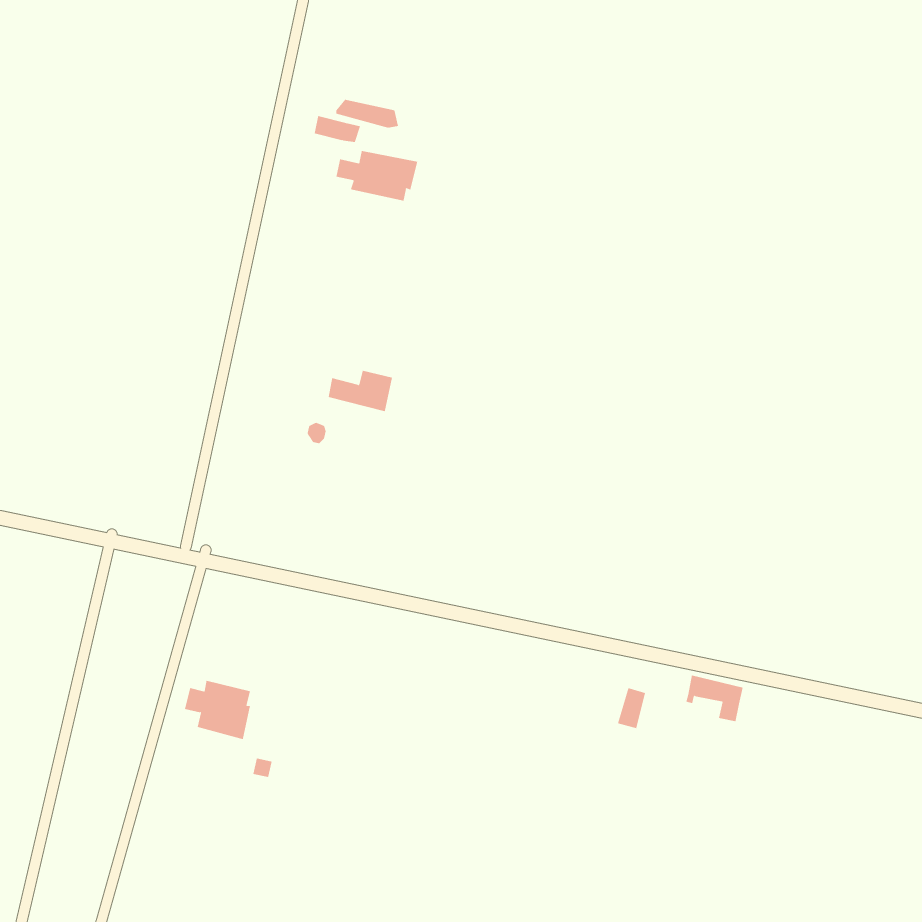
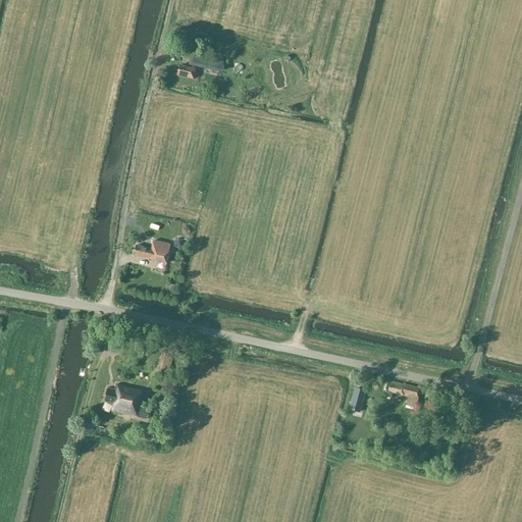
building: [336,150,418,201] -> none
building: [328,370,393,412] -> [134,241,170,264]

